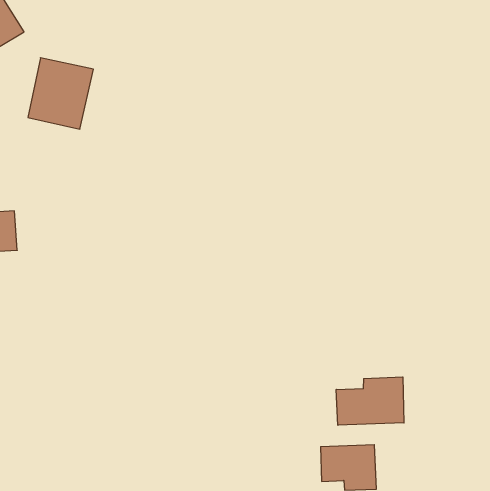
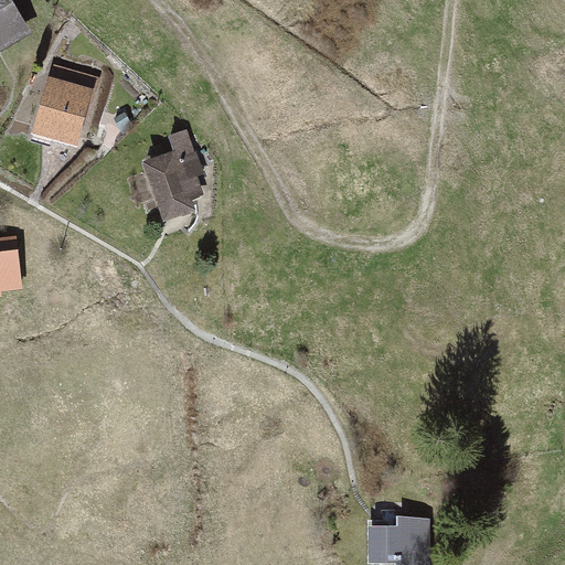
building: none -> [136,134,210,224]
building: [336,377,404,425] -> none

